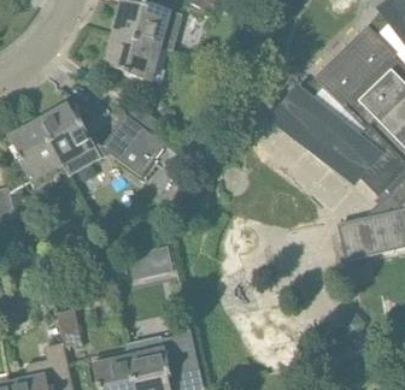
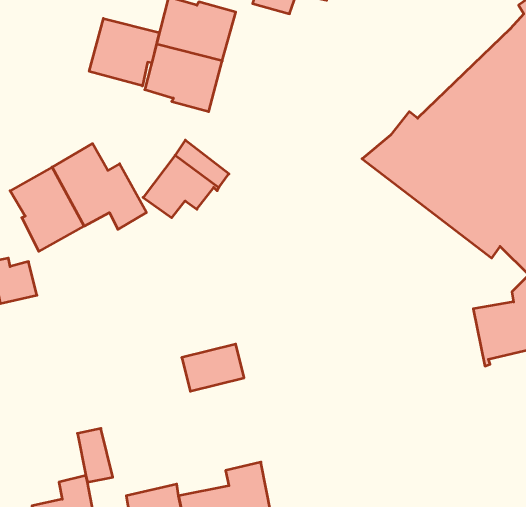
building: none -> [89,18,159,86]

